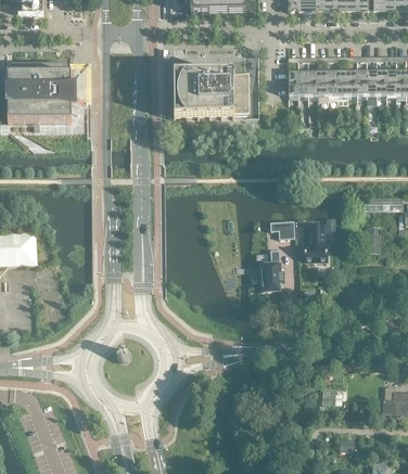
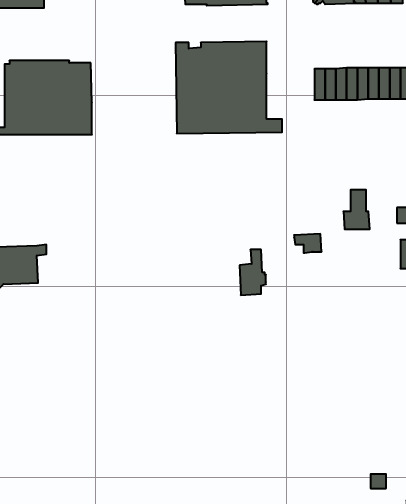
building: [304,223,328,259] -> [343,190,370,229]
building: [260,248,284,290] -> [240,250,266,295]

